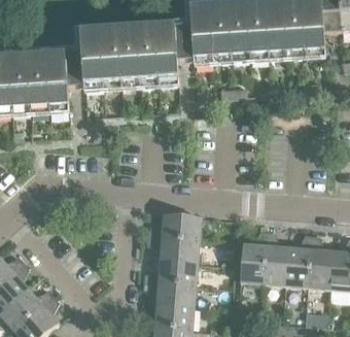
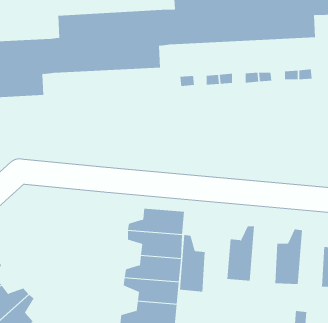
building: [262,230,287,284] -> [179,234,205,292]
building: [308,234,331,288] -> none

